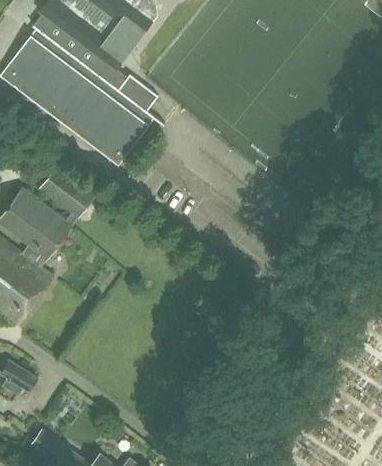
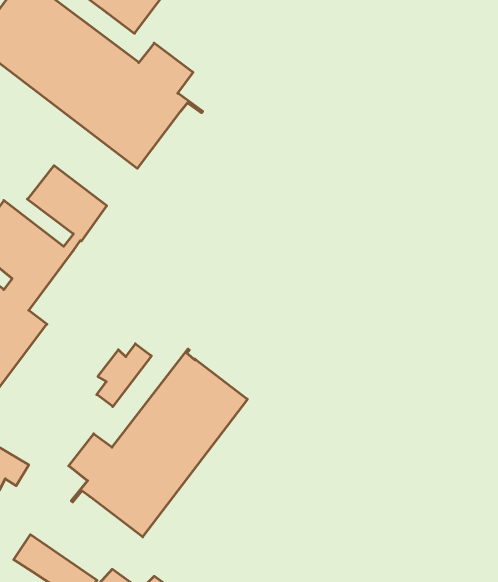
building: none -> [97,344,151,407]
building: none -> [69,349,247,537]

